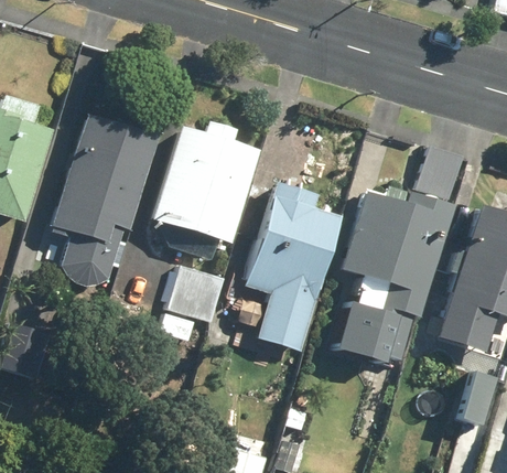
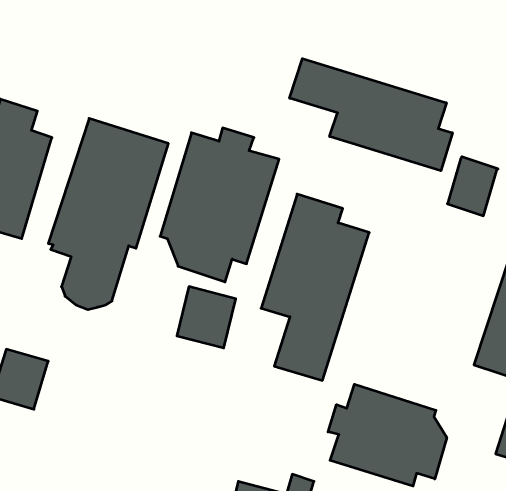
building: none -> [290,59,452,171]
building: [339,186,455,363] -> none
building: none -> [328,384,447,486]

